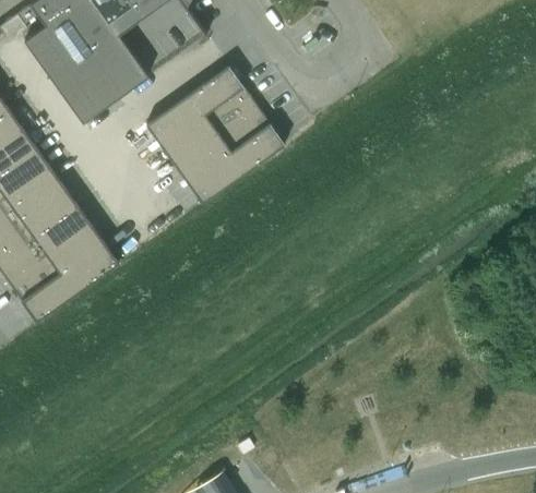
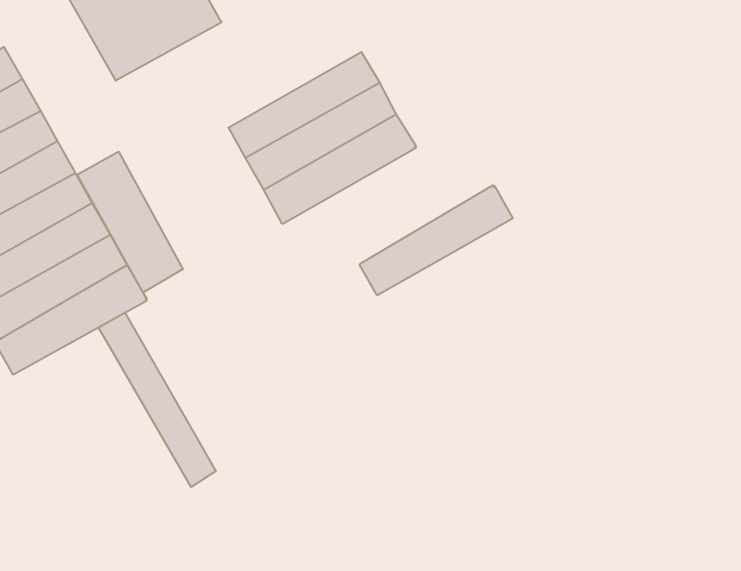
building: [145,67,242,146] -> none
building: none -> [360,185,513,295]
building: none -> [77,152,183,293]
building: none -> [99,313,216,487]

